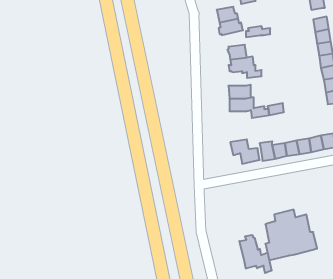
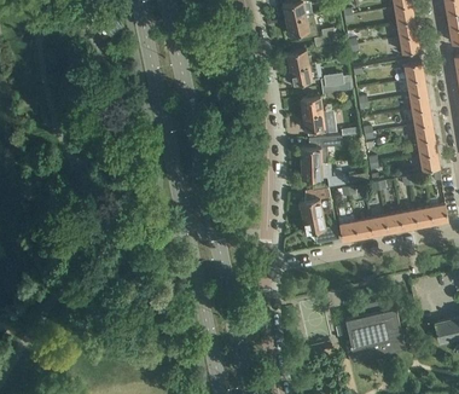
building: none -> [298,187,329,218]
building: [239,235,272,273] -> none

